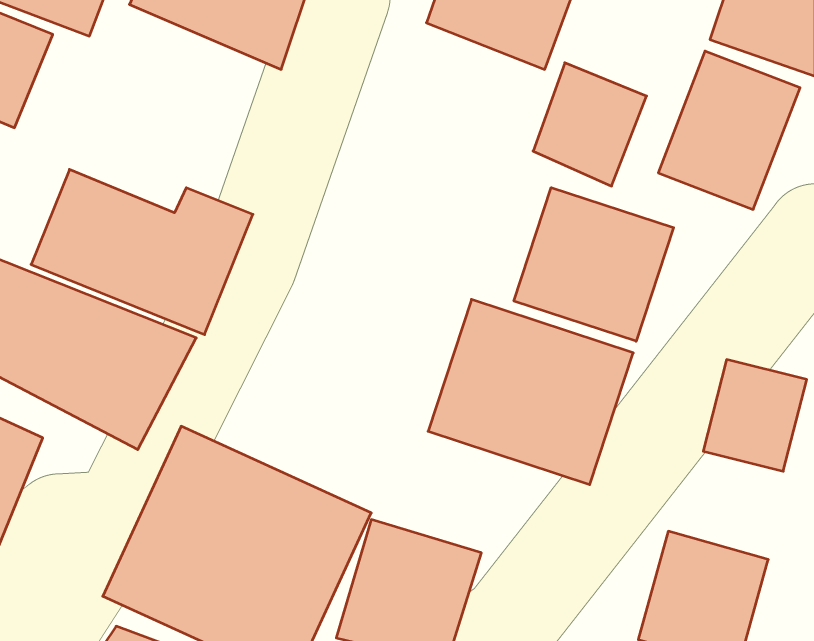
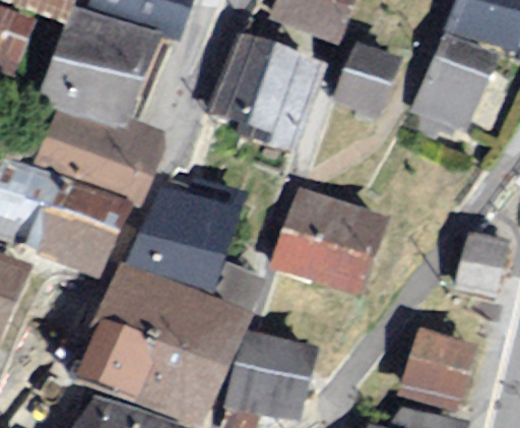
building: none -> [40,10,156,135]
building: none -> [206,35,336,155]
building: [514,188,674,341] -> none
building: none -> [130,189,245,290]

